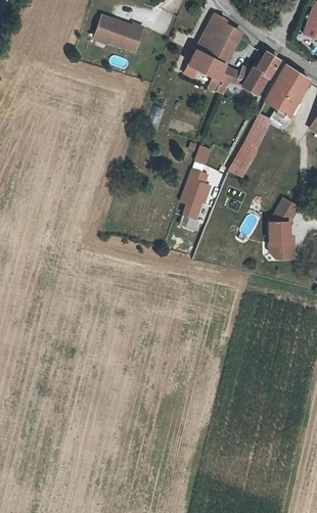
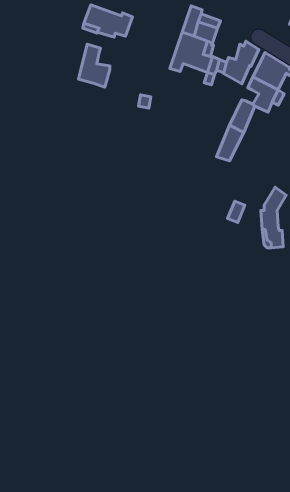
building: none -> [79,44,110,87]
building: [179,168,210,230] -> none

